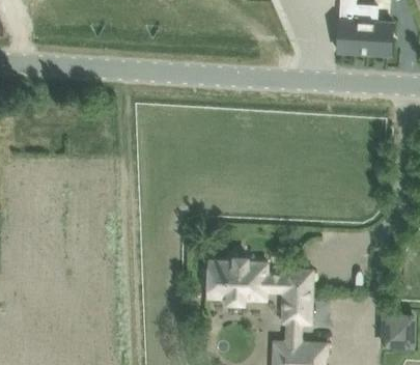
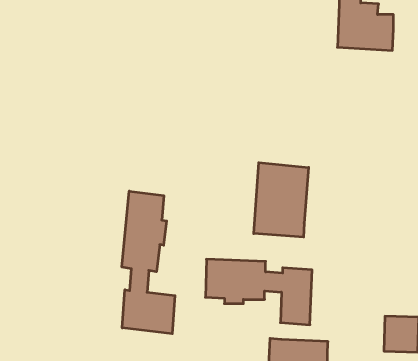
building: none -> [254,163,309,237]
building: none -> [122,191,175,334]

